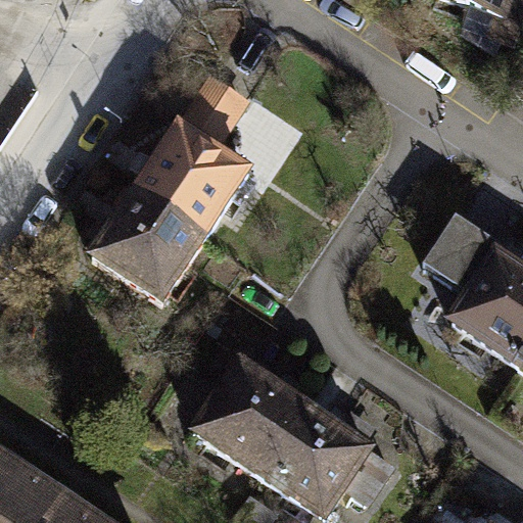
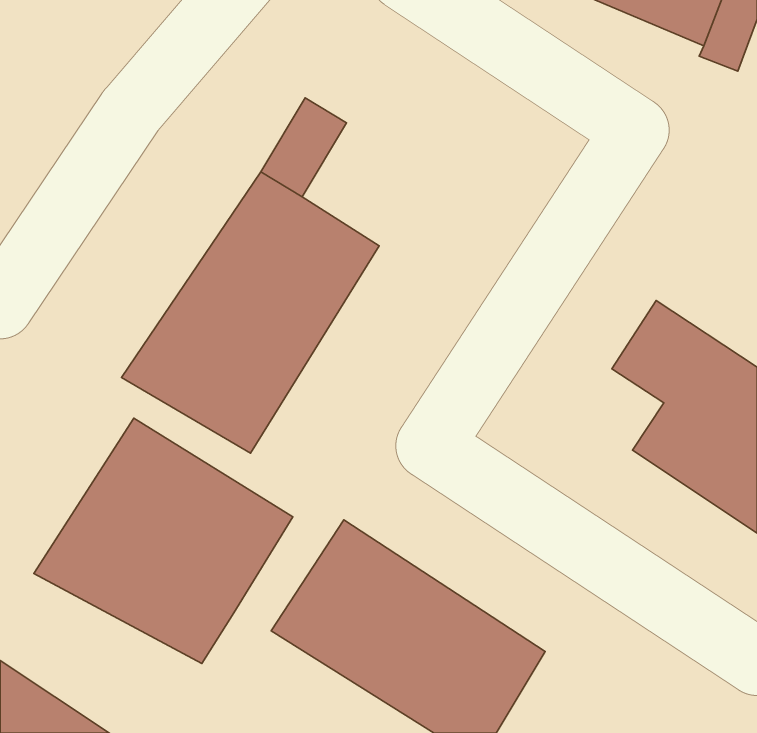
building: none -> [34,418,293,664]

